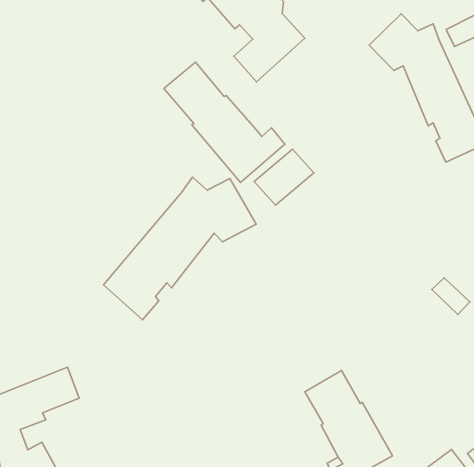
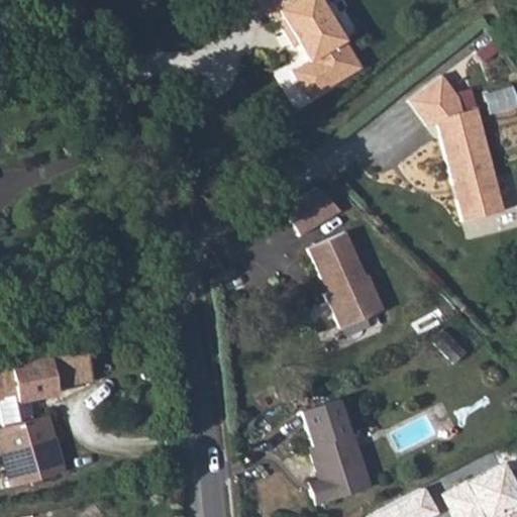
building: [164,62,285,183] -> none
building: [104,177,256,320] -> none
building: none -> [309,230,384,326]

